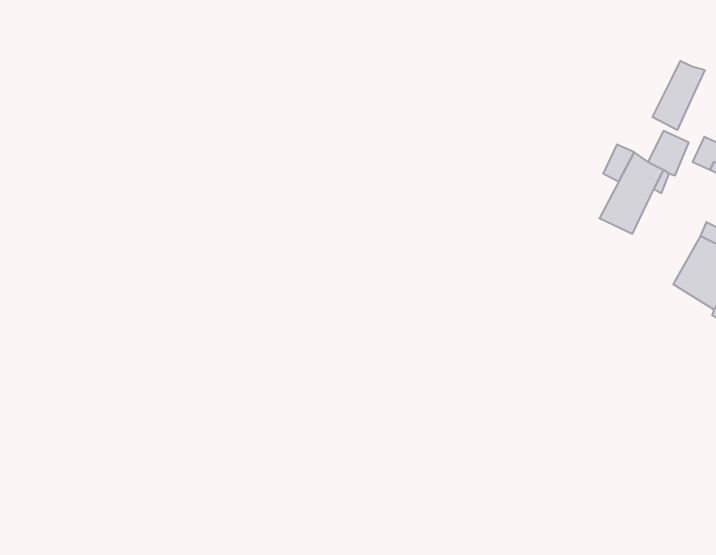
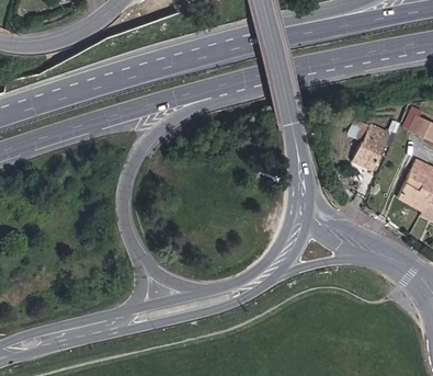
building: [653,61,705,130] -> none

